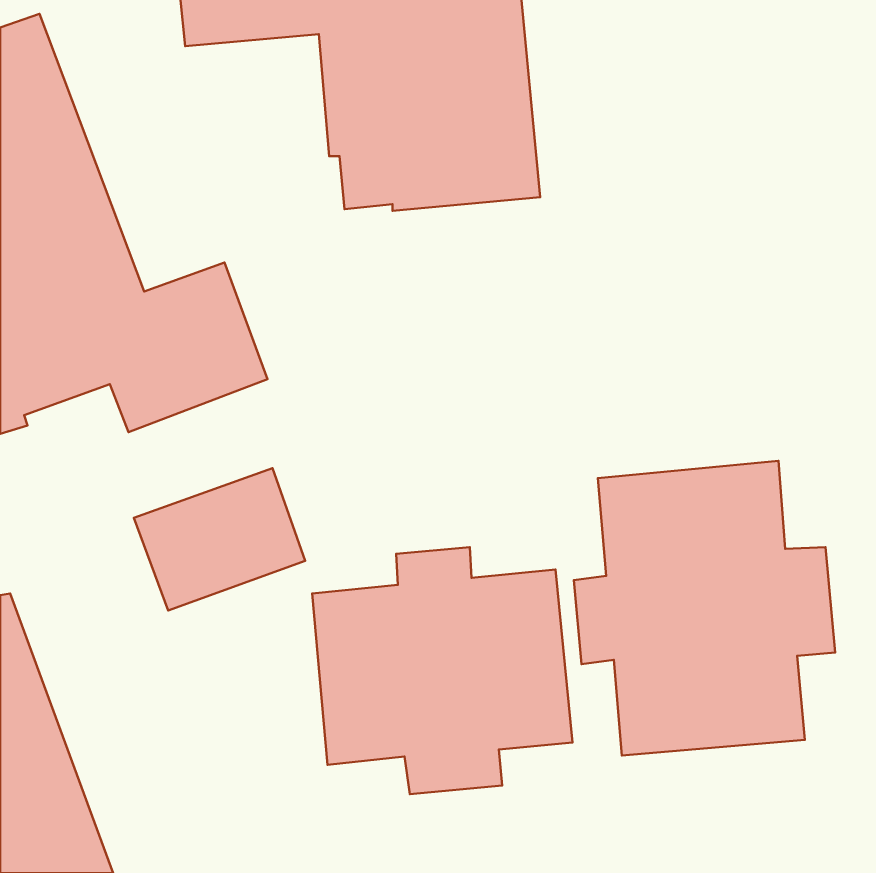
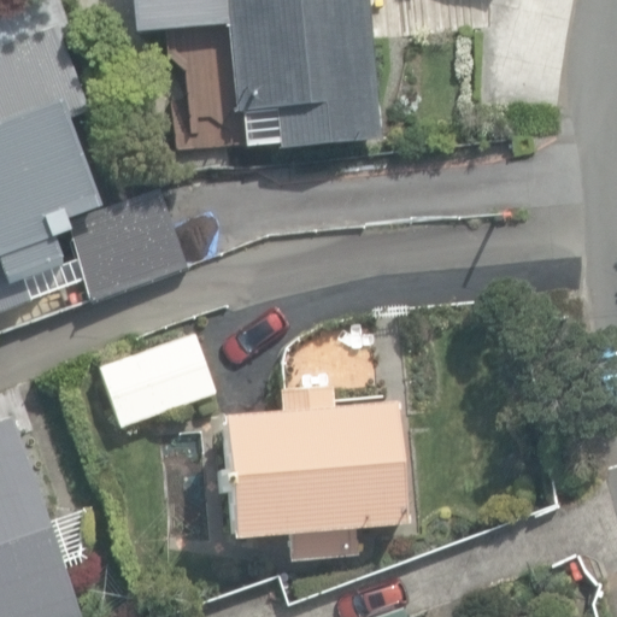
building: [574,461,835,756] -> none

